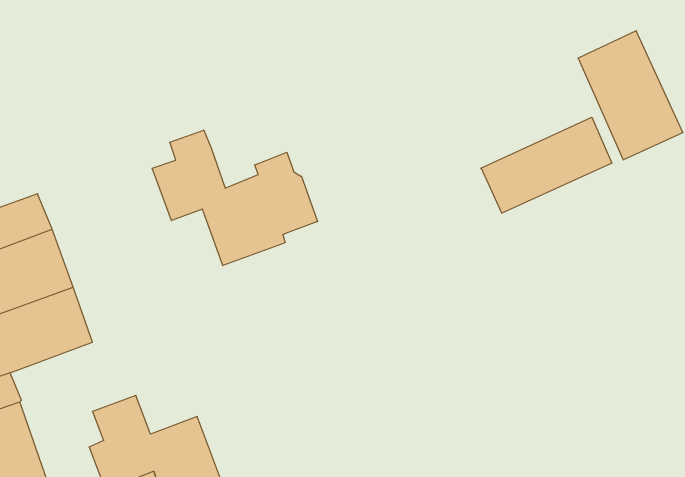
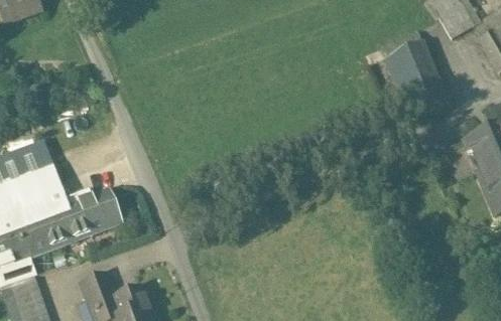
building: [481,117,612,213] -> none
building: [152,130,318,266] -> none
building: none -> [68,187,121,236]

